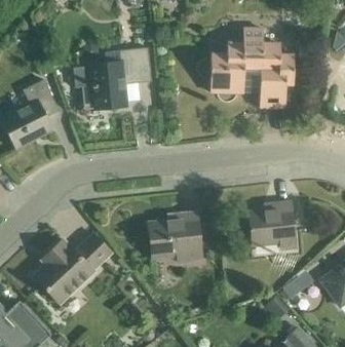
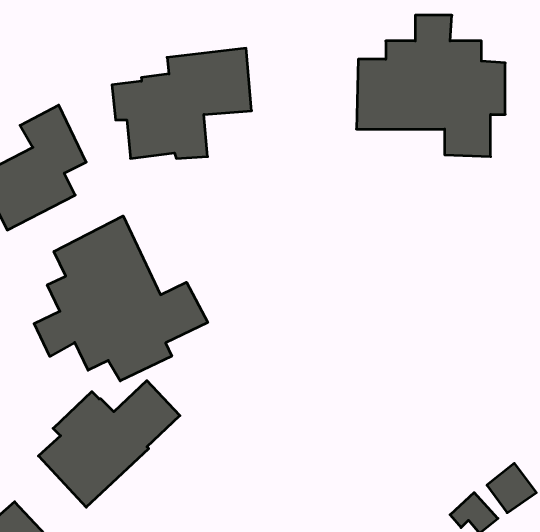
building: none -> [34,216,208,381]
building: [247,202,295,248] -> none
building: [148,211,201,262] -> none

